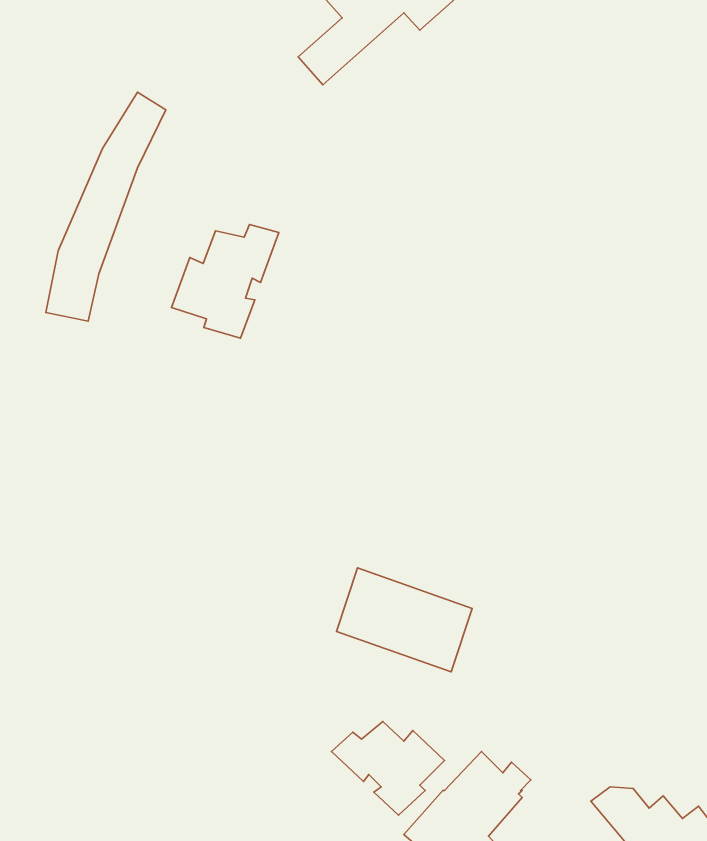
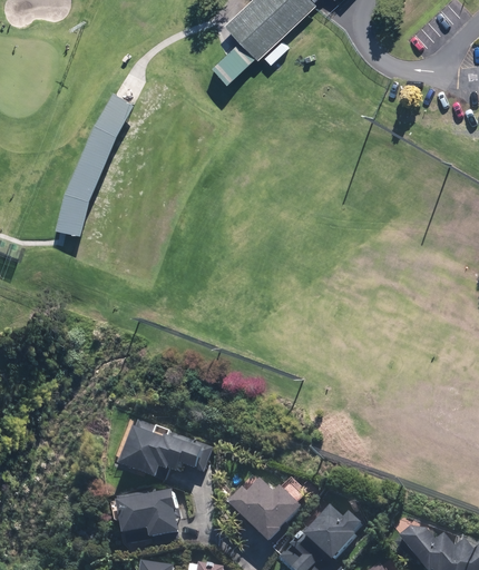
building: [172,225,279,338] -> none
building: [336,568,472,672] -> [129,423,215,489]
building: none -> [129,495,178,532]

